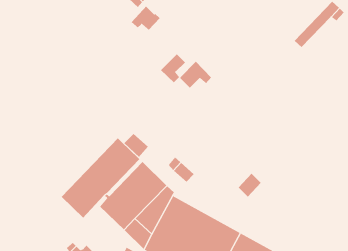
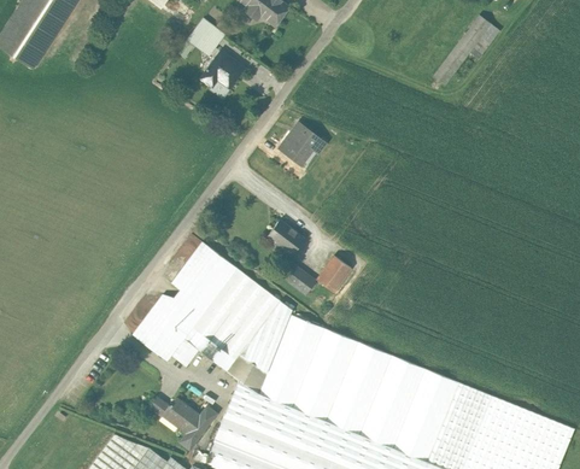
building: [160,54,186,83] -> none
building: [124,133,149,158] -> [268,219,304,253]
building: [238,173,262,197] -> [317,256,350,291]

